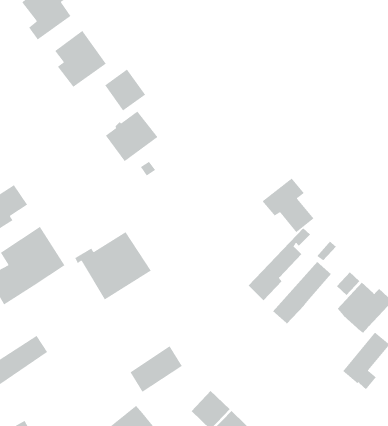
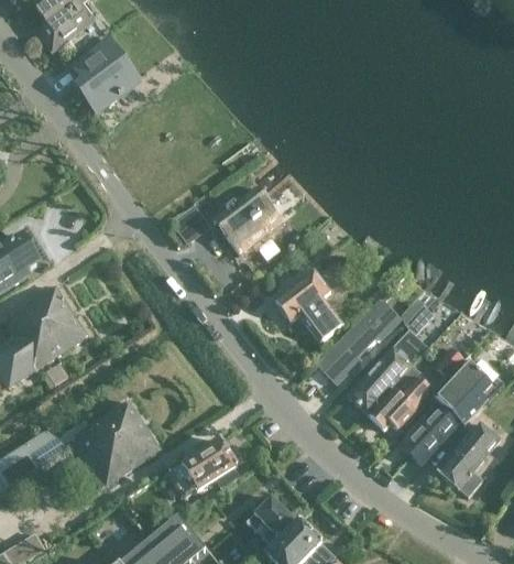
building: [104,68,146,111] -> none
building: [105,110,158,162] -> [214,188,282,254]
building: [262,178,314,233] -> [276,272,343,343]
building: [74,231,152,300] -> [63,400,162,488]
building: none -> [369,376,430,429]
building: none -> [403,402,462,463]

